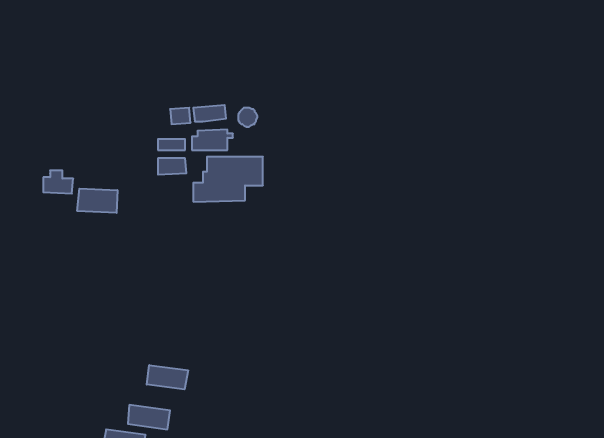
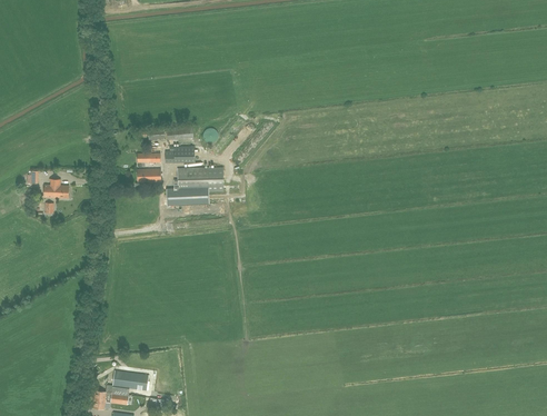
building: [77,189,117,213] -> none
building: [147,365,188,389] -> none

